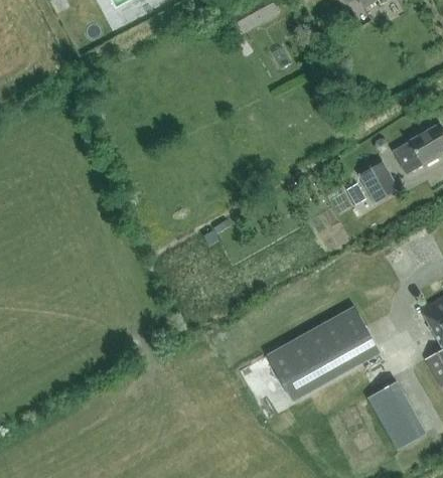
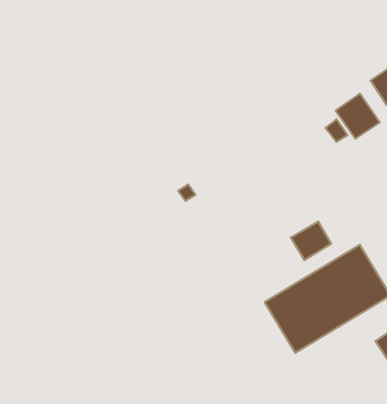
building: none -> [291,221,331,260]

